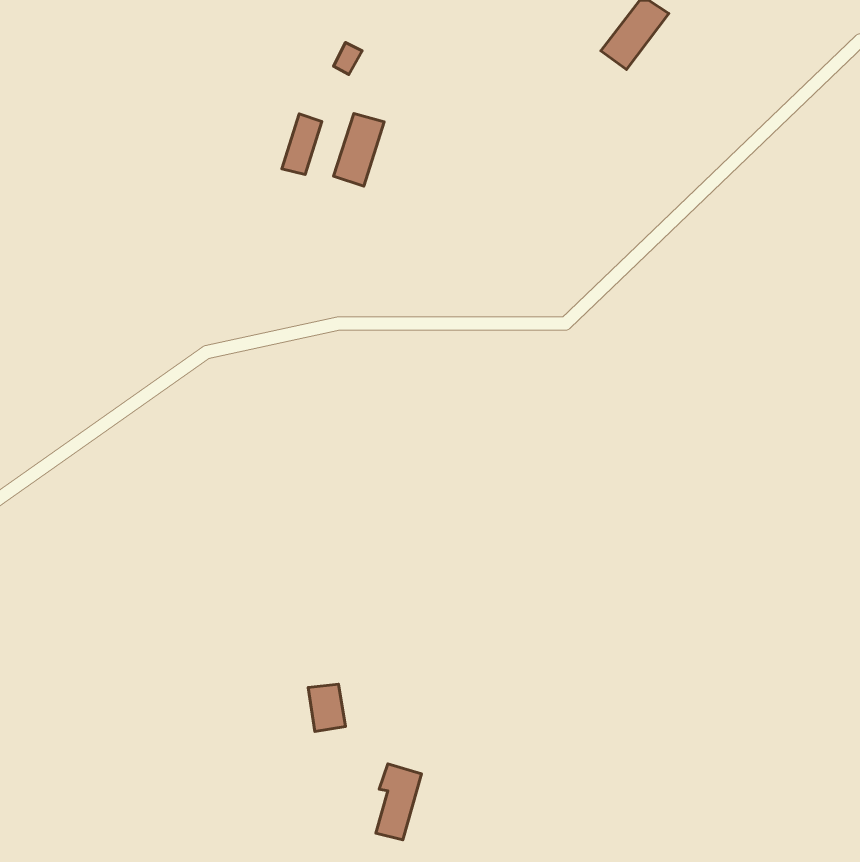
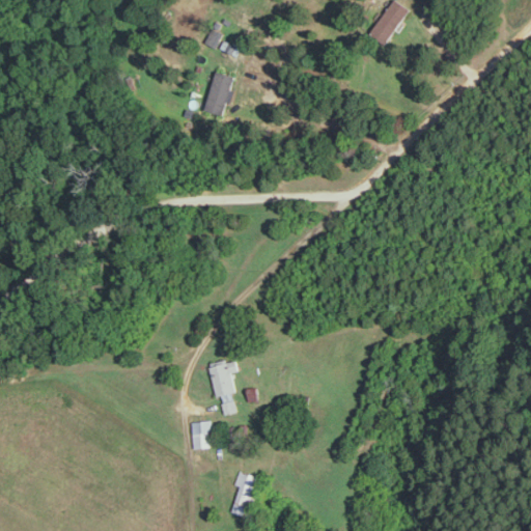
building: [282,114,322,174] -> none
building: none -> [208,361,240,416]

